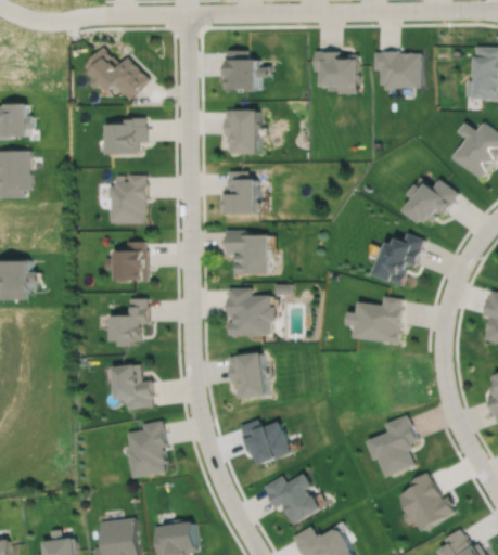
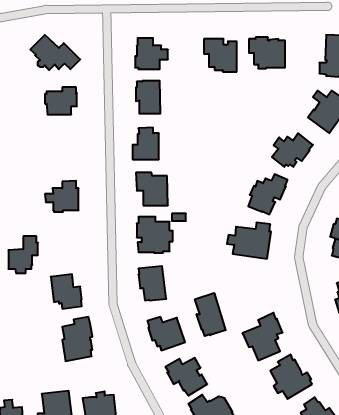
building: [108,175,148,222] -> none
building: [111,298,150,347] -> [8,236,38,273]
building: none -> [195,293,226,336]

